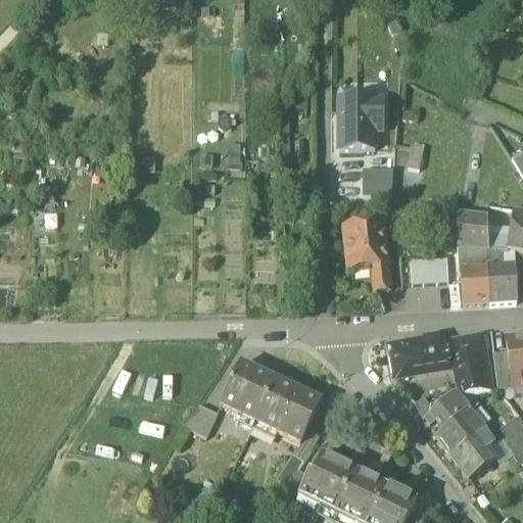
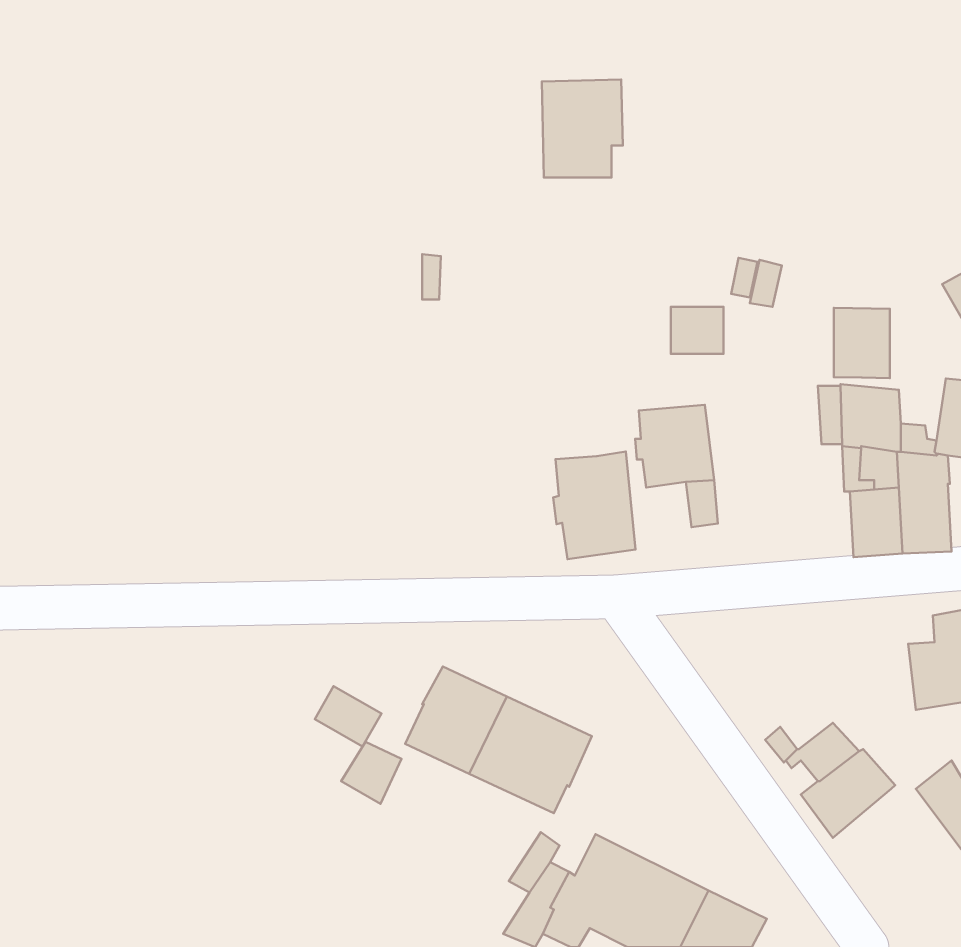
building: [339,94,383,147] -> [542,80,623,177]
building: none -> [834,308,890,378]
building: none -> [553,451,636,559]
building: [412,255,448,281] -> none
building: [454,329,493,393] -> none
building: [387,330,450,372] -> none
building: none -> [315,686,381,747]
building: [453,428,493,477] -> none

